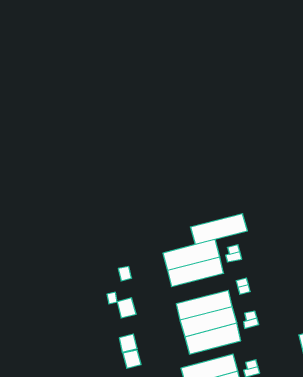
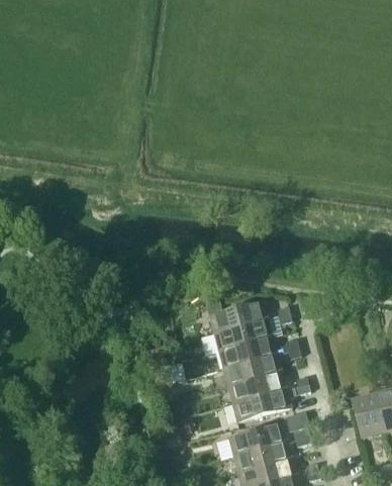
building: [190,214,247,244] -> [216,334,277,367]

